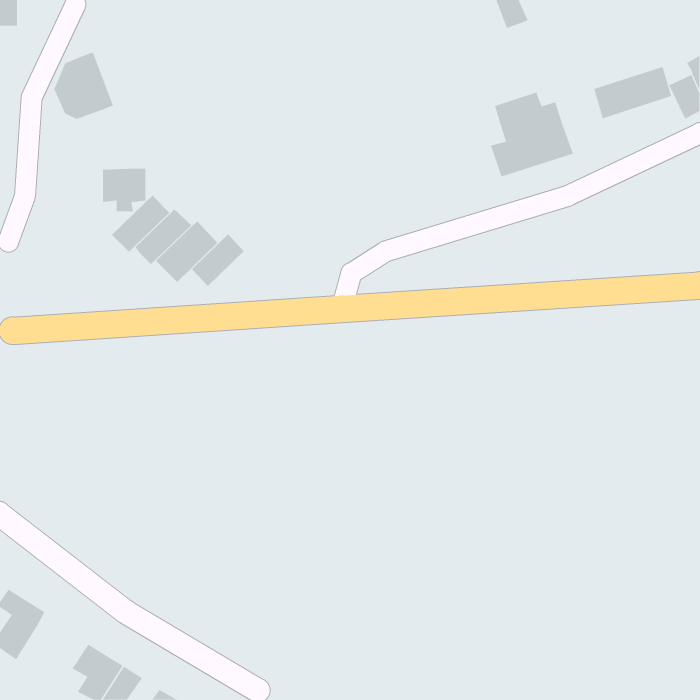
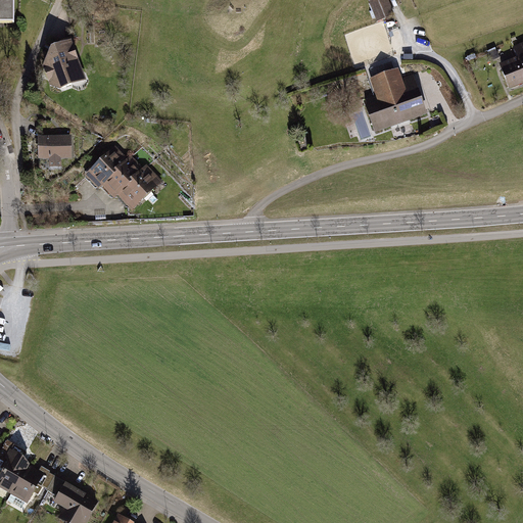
building: [593,66,672,119] -> none
building: [102,168,146,212] -> [37,134,69,167]
building: [191,234,245,287] -> none
building: none -> [8,467,65,508]

